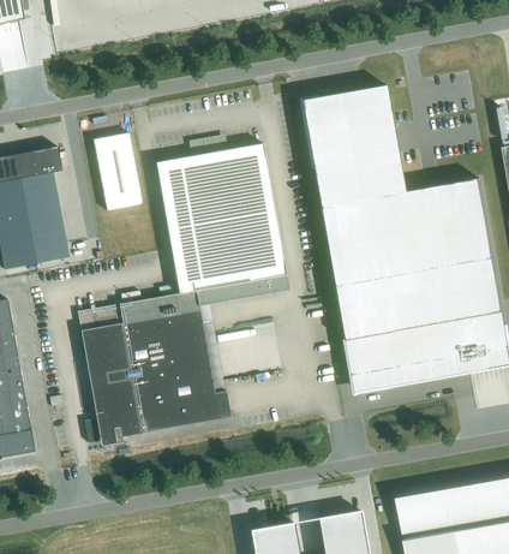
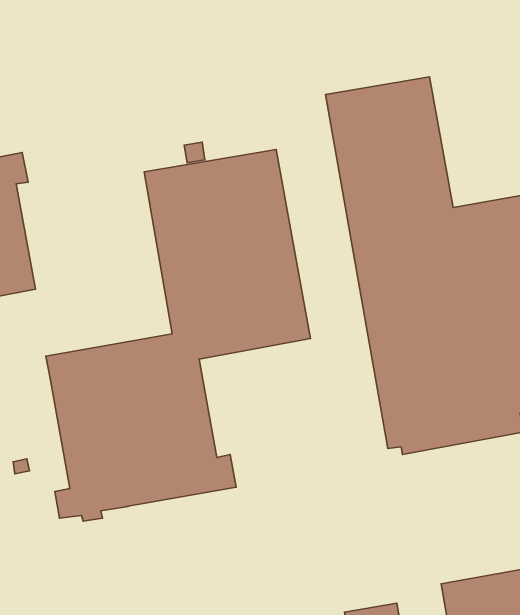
building: [94,133,142,210] -> none

